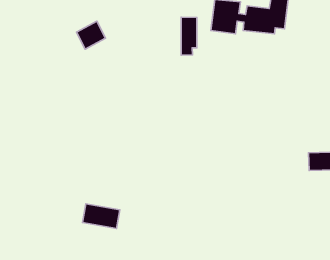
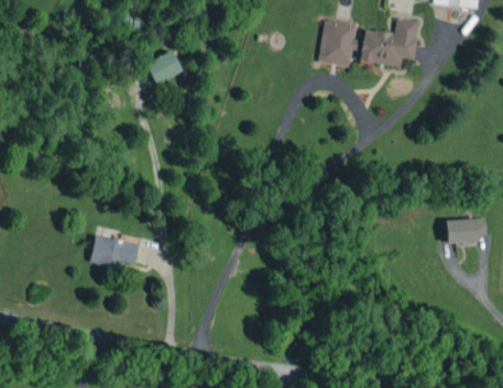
building: [181,17,197,55] -> none
building: [82,204,120,228] -> [90,236,139,268]

